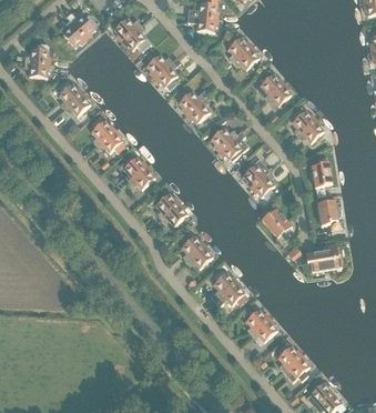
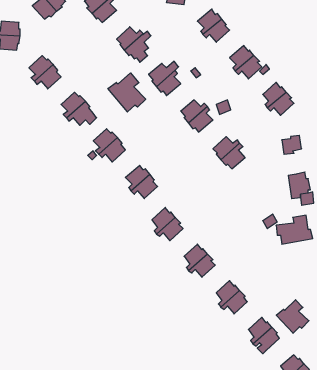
building: none -> [108,73,146,112]
building: [262,209,293,238] -> none
building: none -> [276,300,309,333]

